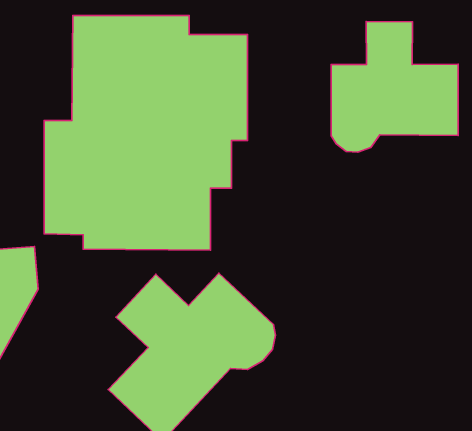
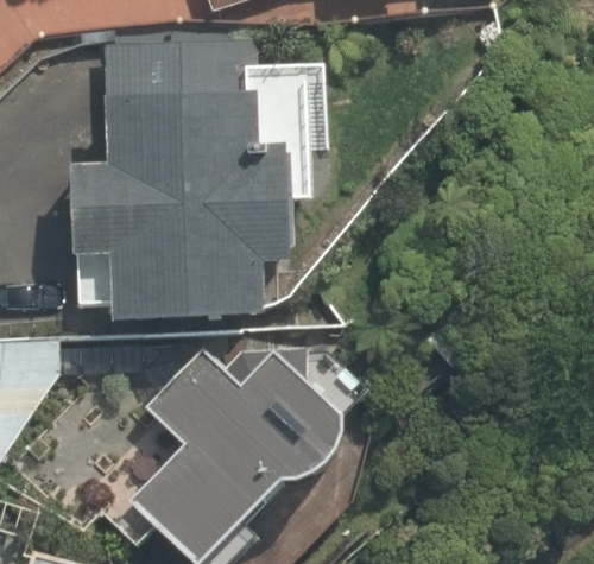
building: [331,22,458,152] -> none

